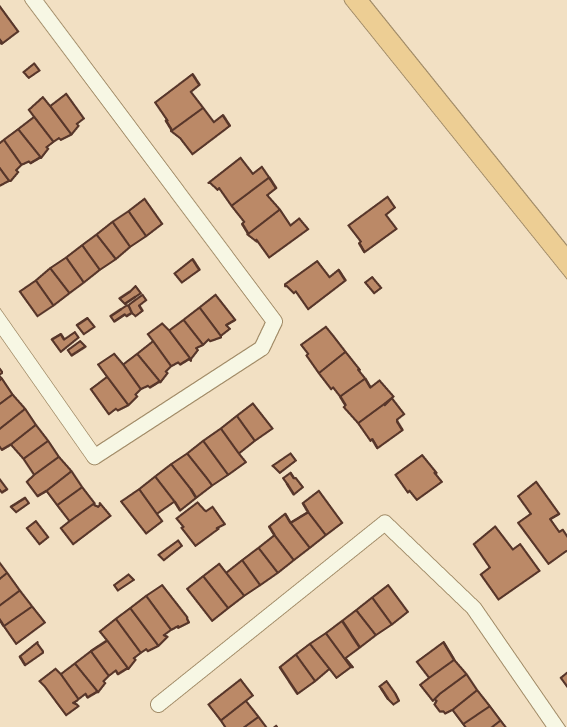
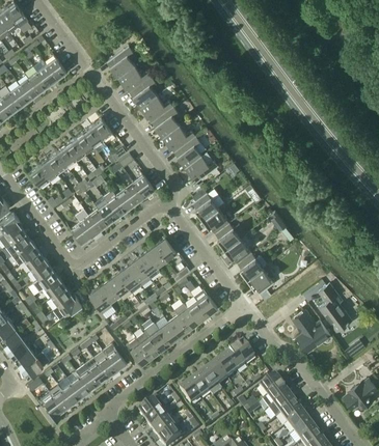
building: none -> [129,75,157,108]
building: [348,197,397,252] -> [173,135,201,167]
building: none -> [237,252,268,278]
building: [176,502,225,546] -> none

